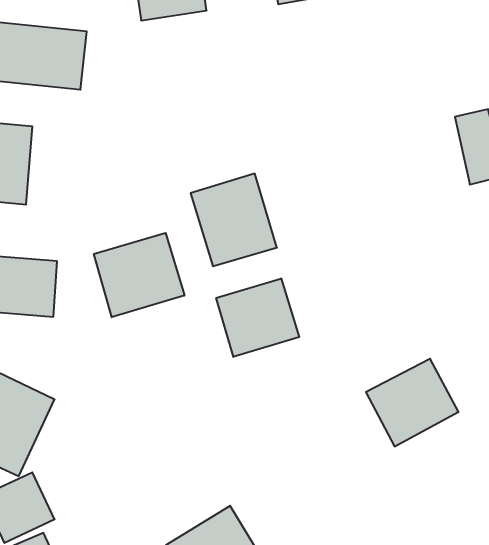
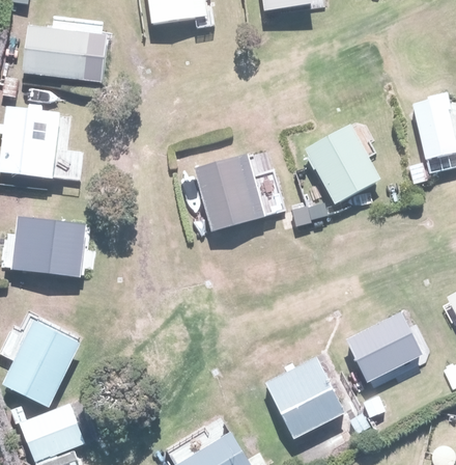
building: none -> [309,127,382,204]
building: [94,233,184,317] -> none
building: [216,278,299,357] -> none
building: none -> [266,358,343,438]

